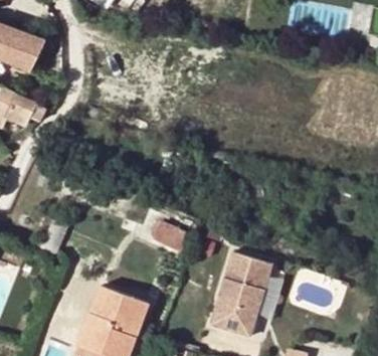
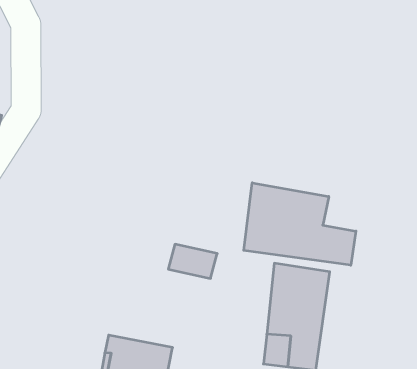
building: none -> [244,183,356,265]

